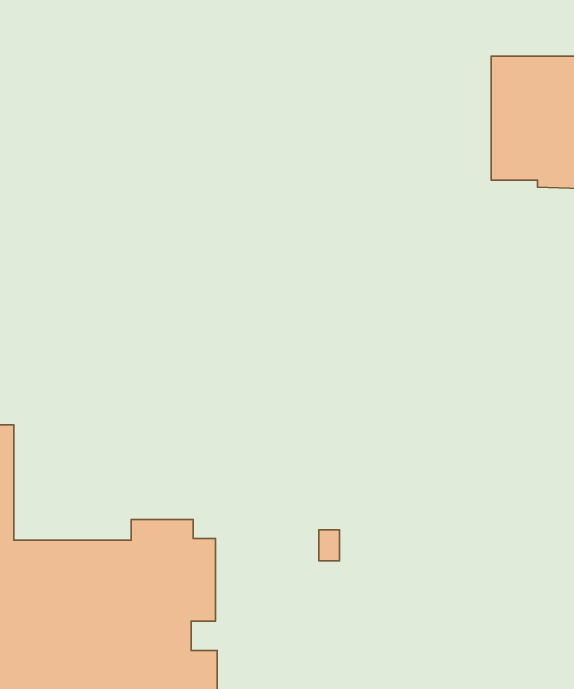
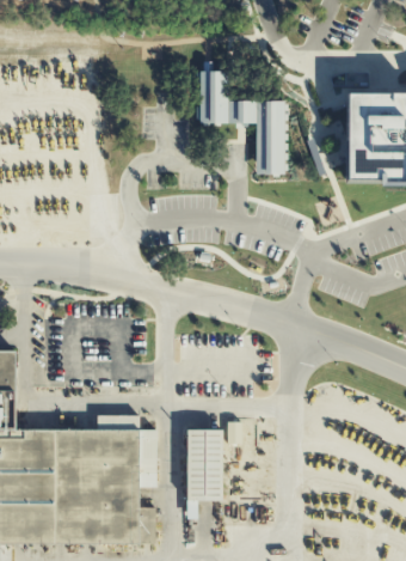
building: none -> [201,71,285,171]
building: none -> [187,429,223,519]

